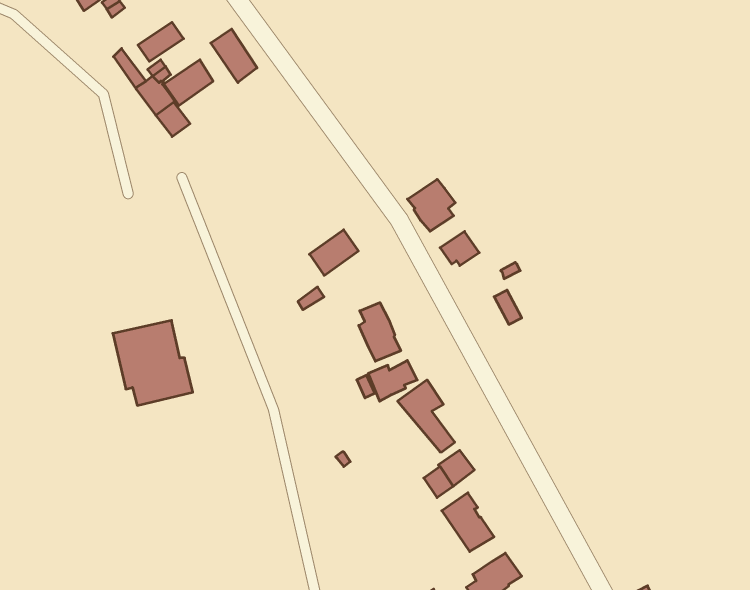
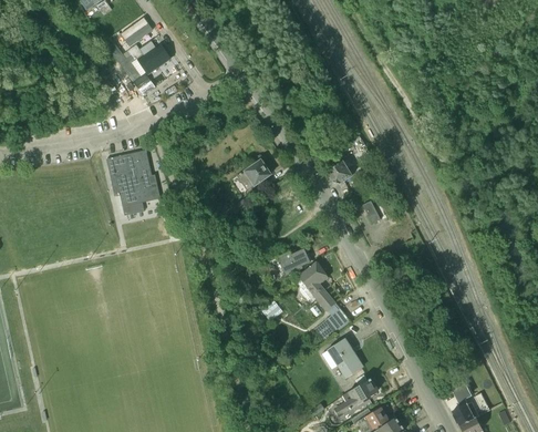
building: [211,29,257,83] -> none
building: [407,179,455,231] -> none
building: [359,303,401,361] -> none
building: [113,320,193,405] -> [106,148,161,206]

